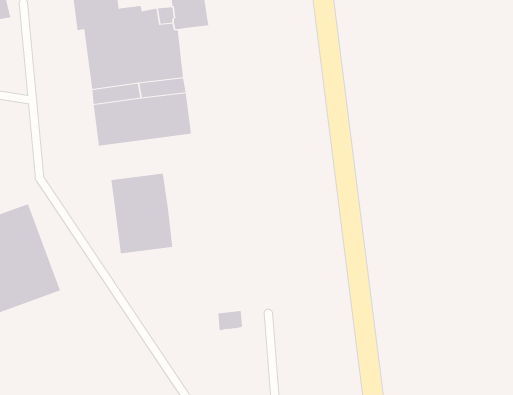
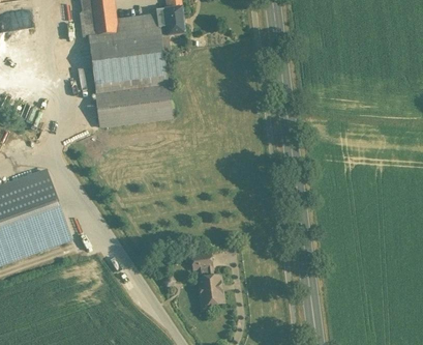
building: [111,173,173,254] -> none
building: none -> [198,266,222,304]

